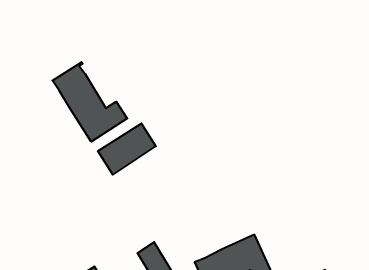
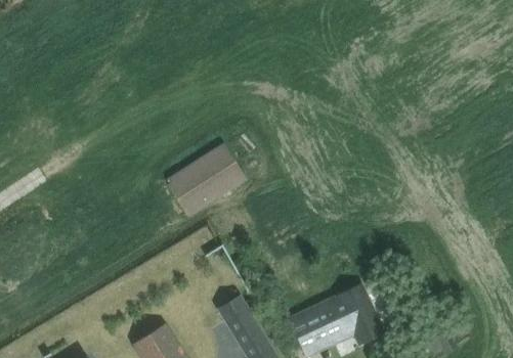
building: [52,62,127,142] -> none

